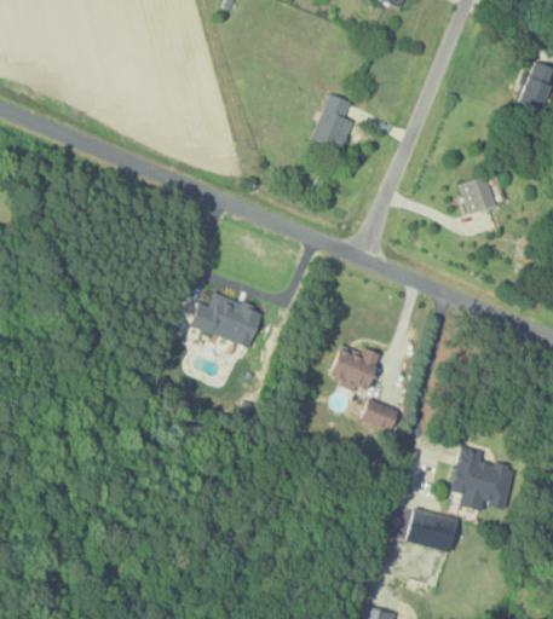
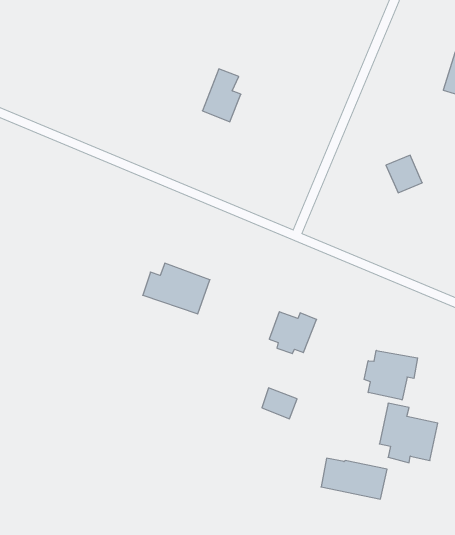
building: [311,93,353,151] -> [202,69,241,122]
building: none -> [364,350,418,400]
building: [361,398,399,432] -> [262,388,297,419]

